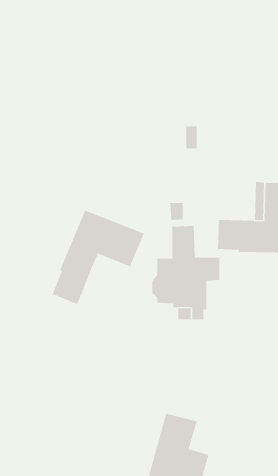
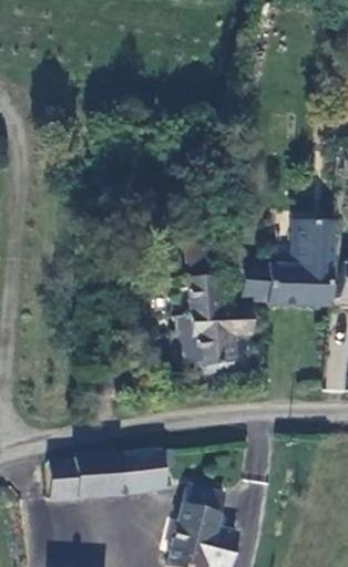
building: [52,210,145,305] -> none
building: none -> [51,444,177,499]

